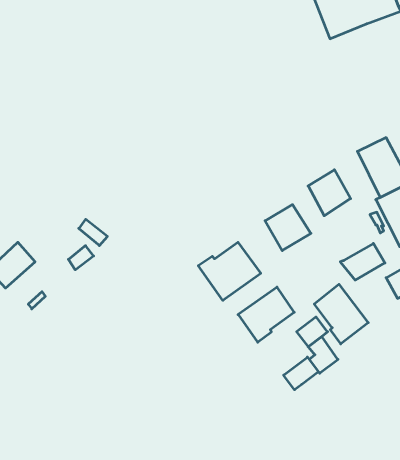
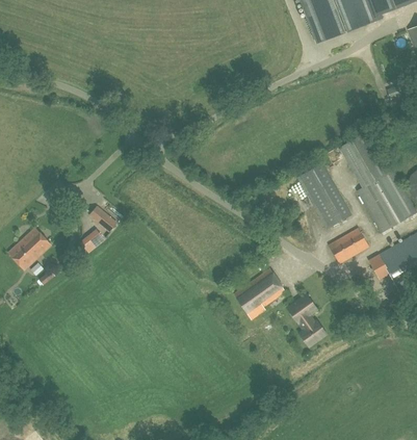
building: [265,205,311,251] -> [312,188,354,230]
building: [198,242,261,300] -> none
building: [314,284,368,344] -> none
building: [284,357,318,390] -> none

